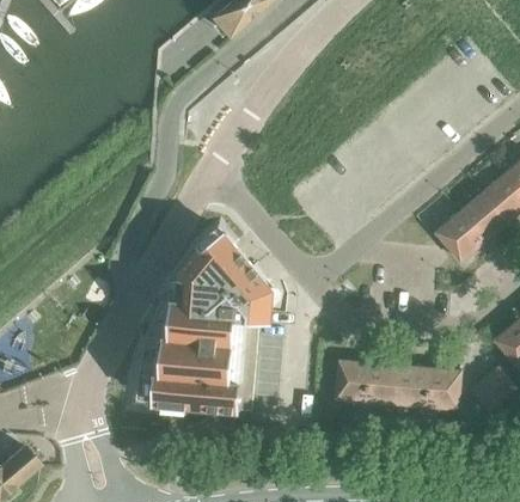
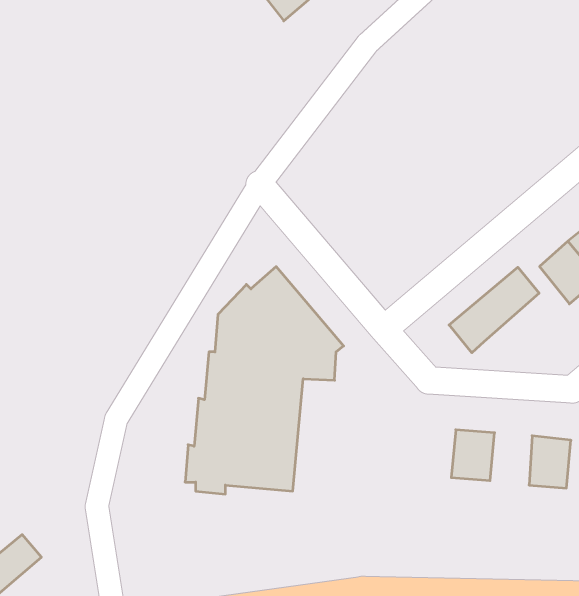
building: none -> [449,267,539,353]
building: [334,361,367,402] -> none
building: [394,366,428,408] -> none

